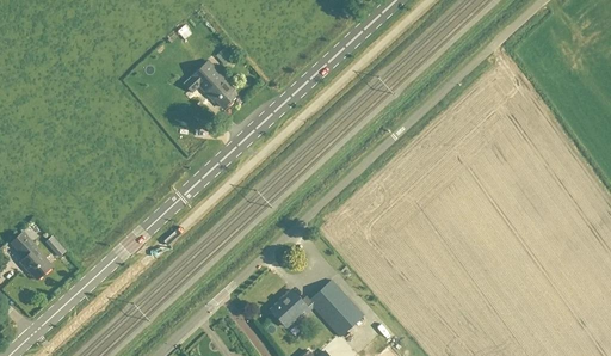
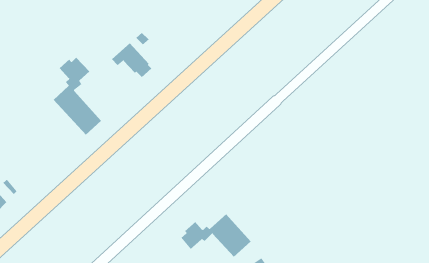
building: none -> [53,57,102,136]

